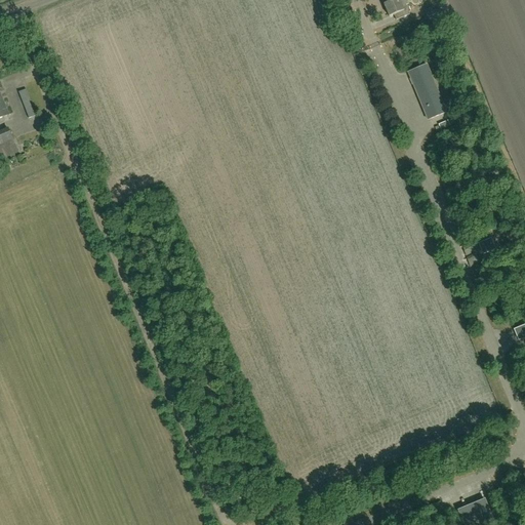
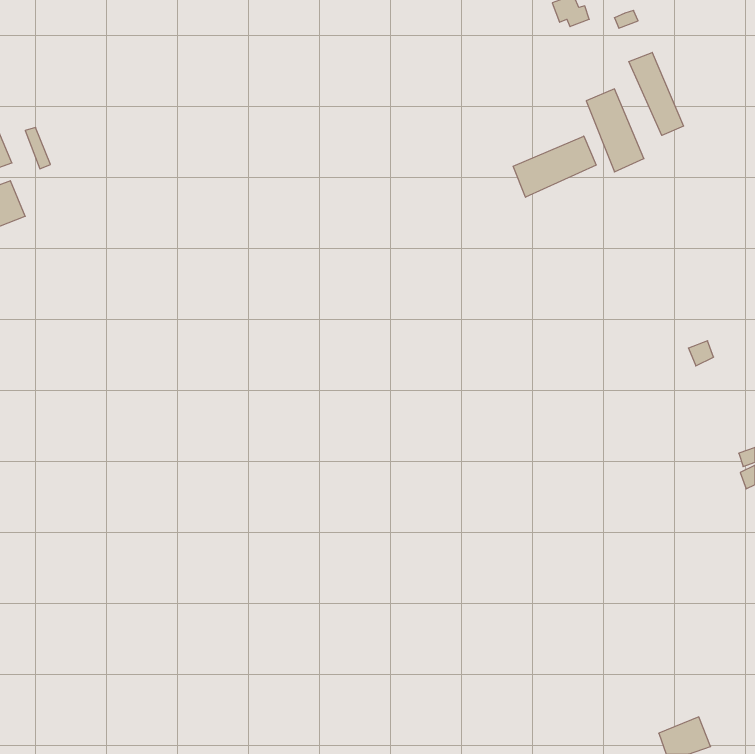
building: none -> [629,52,683,135]
building: none -> [513,136,596,197]

